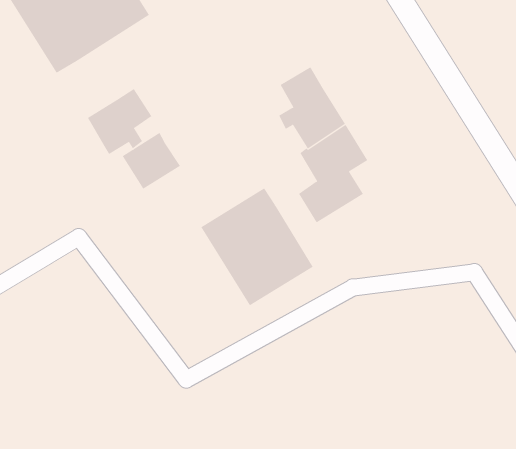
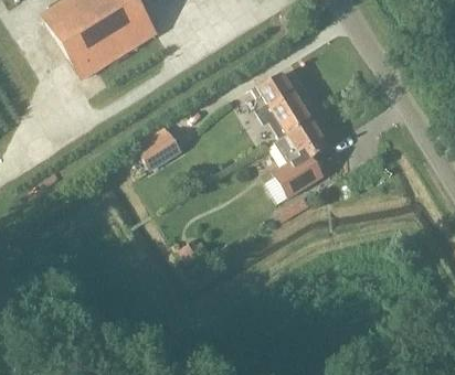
building: [87,88,152,155] -> none
building: [201,188,313,306] -> none

